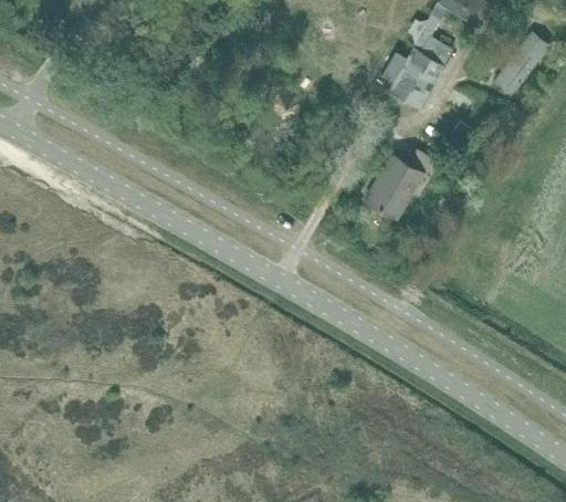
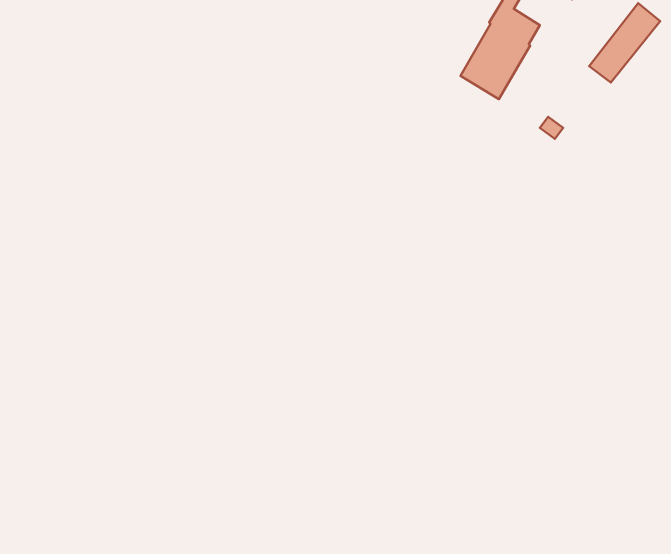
building: [364,151,437,219] -> none

